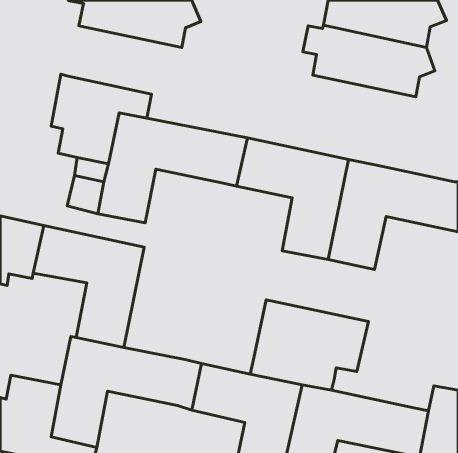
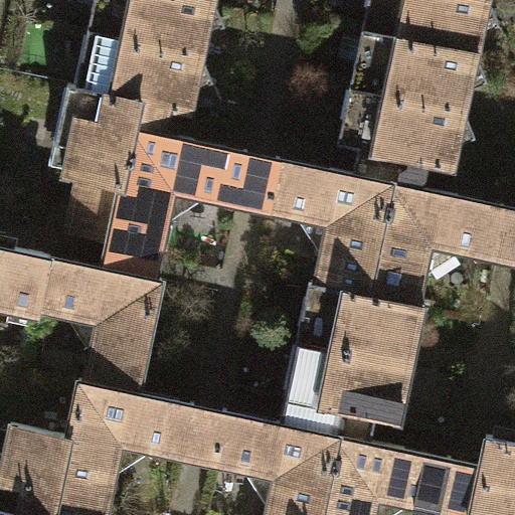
building: none -> [76,34,213,115]
building: none -> [339,90,477,191]
building: none -> [299,286,425,366]

